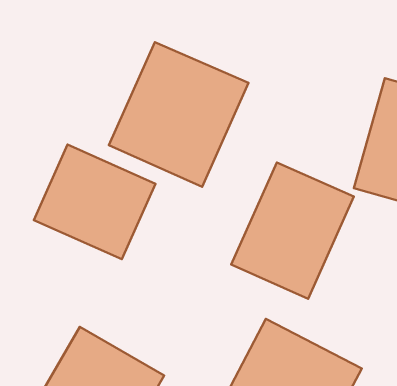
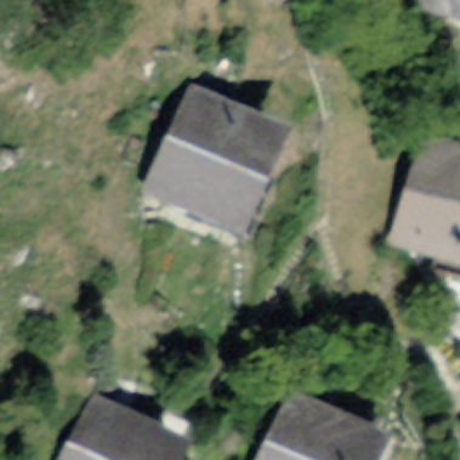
building: [34,145,156,259] -> none
building: [231,162,354,299] -> none

